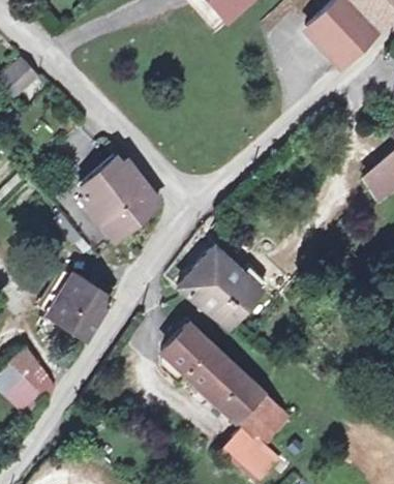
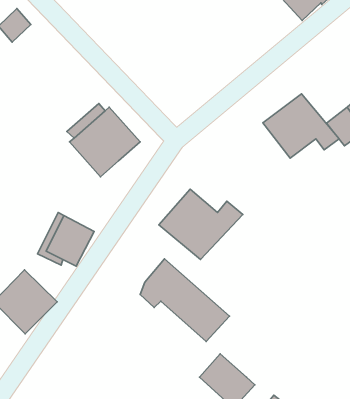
building: none -> [263,94,339,158]
building: [231,388,303,455] -> none

